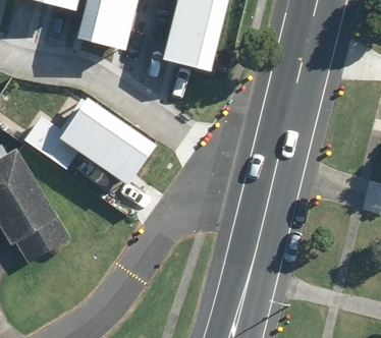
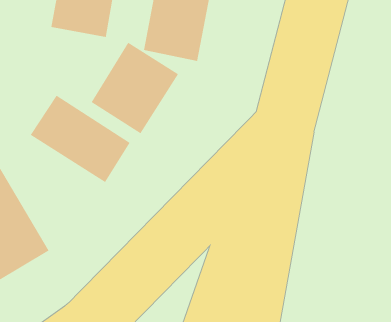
building: none -> [91,42,179,134]

